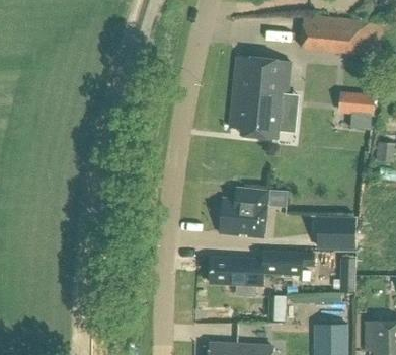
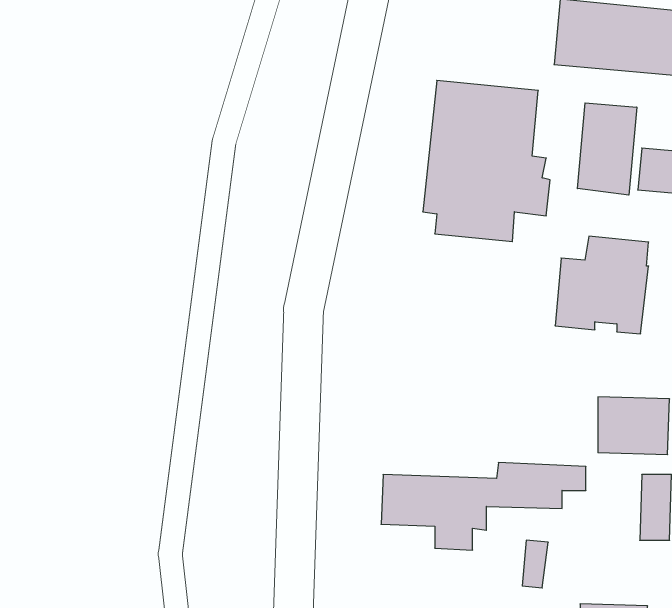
building: none -> [577,103,637,195]
building: [220,188,267,237] -> [555,236,649,334]

